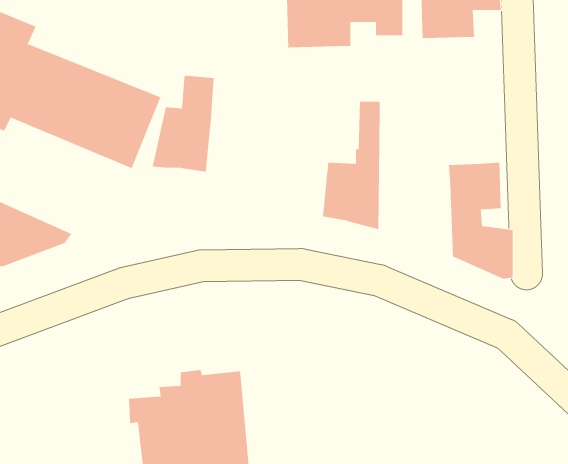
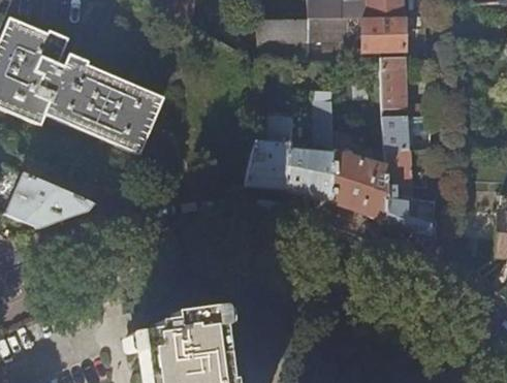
building: none -> [380,55,431,150]
building: [152,75,214,172] -> [244,115,292,190]
building: none -> [330,107,387,221]

